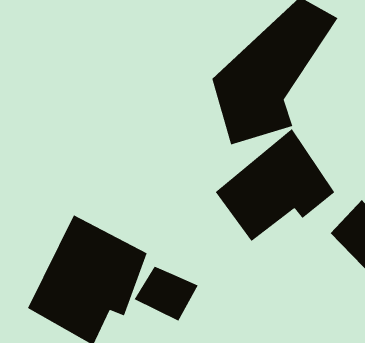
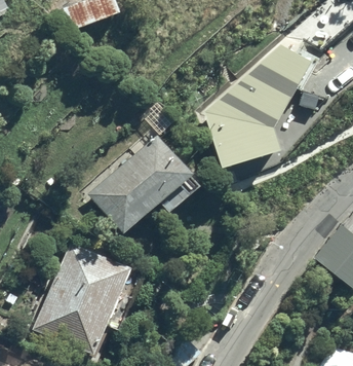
building: [215,128,335,242] -> [87,132,199,237]
building: [134,266,198,322] -> none

